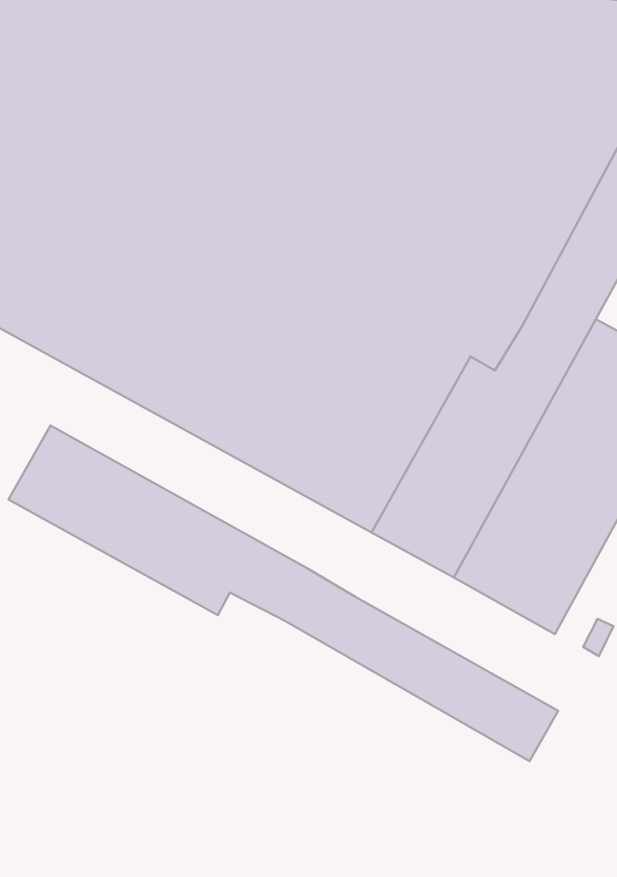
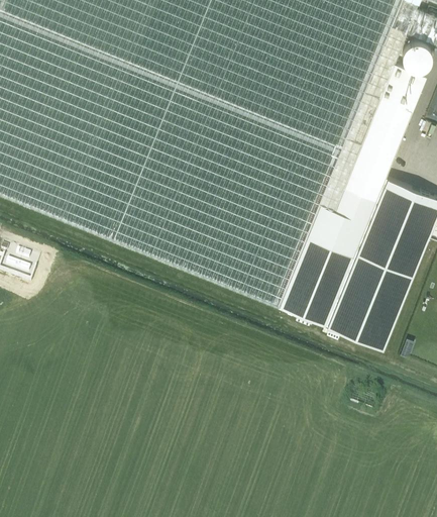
building: [9,425,558,761] -> none

